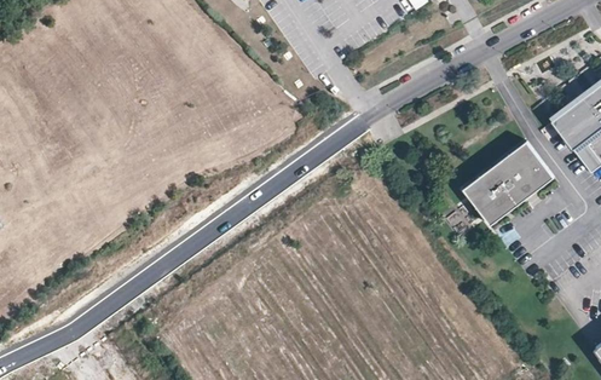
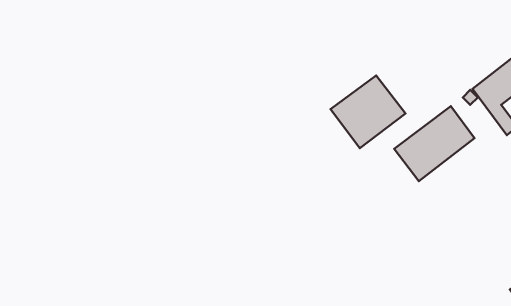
building: none -> [330,75,406,148]

